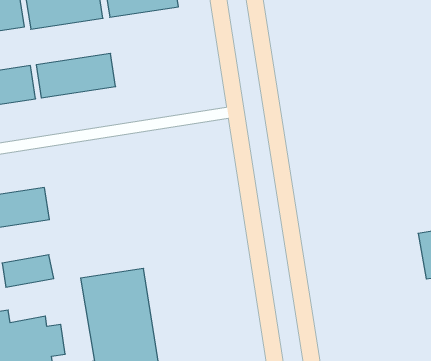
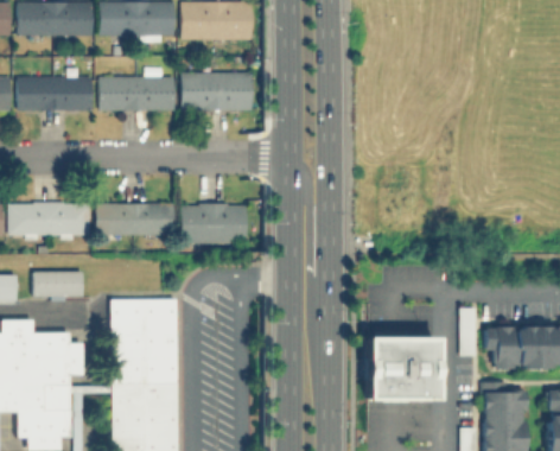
building: none -> [182,71,254,110]
building: none -> [182,202,247,243]
building: none -> [96,202,173,234]
building: none -> [365,336,438,401]

